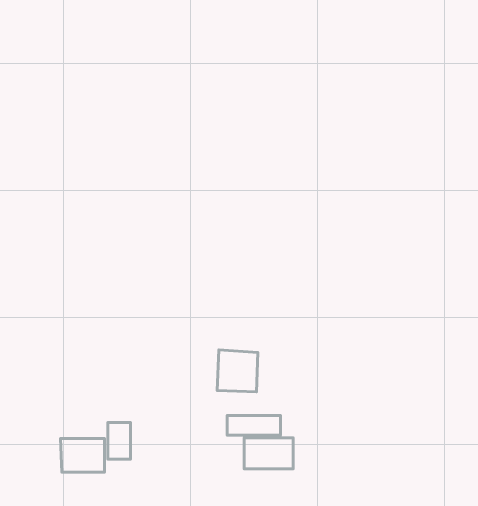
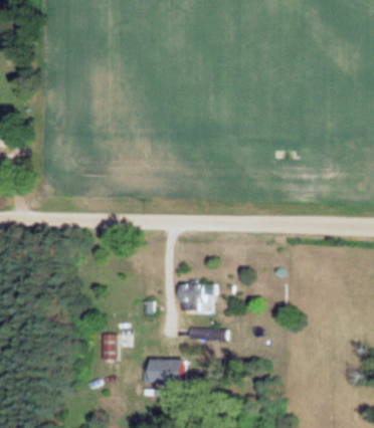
building: [244,438,293,469] -> [154,360,189,382]
building: [60,438,104,472] -> none

